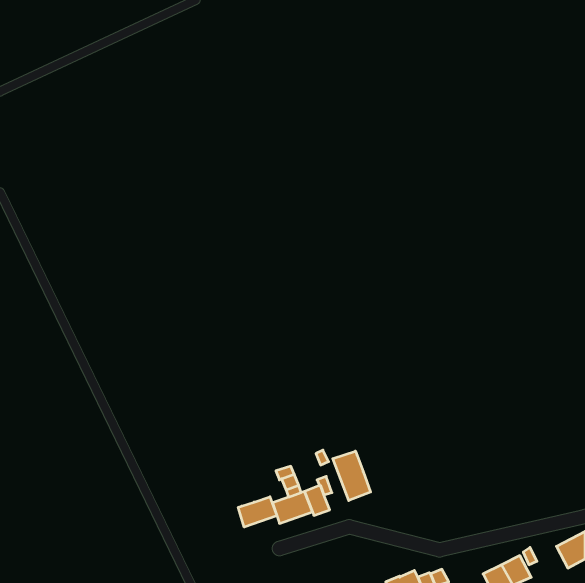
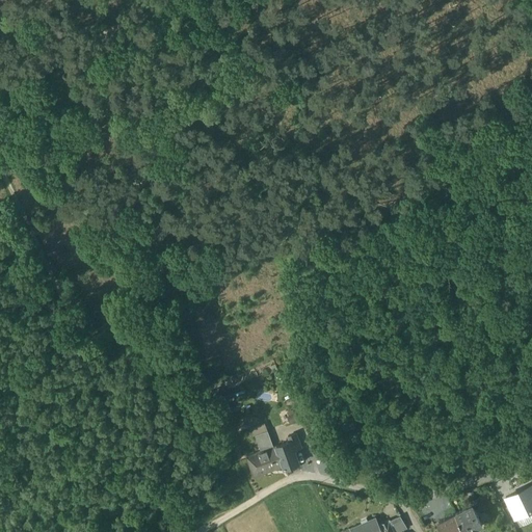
building: [333,451,371,501] -> none
building: [238,497,277,527] -> none

